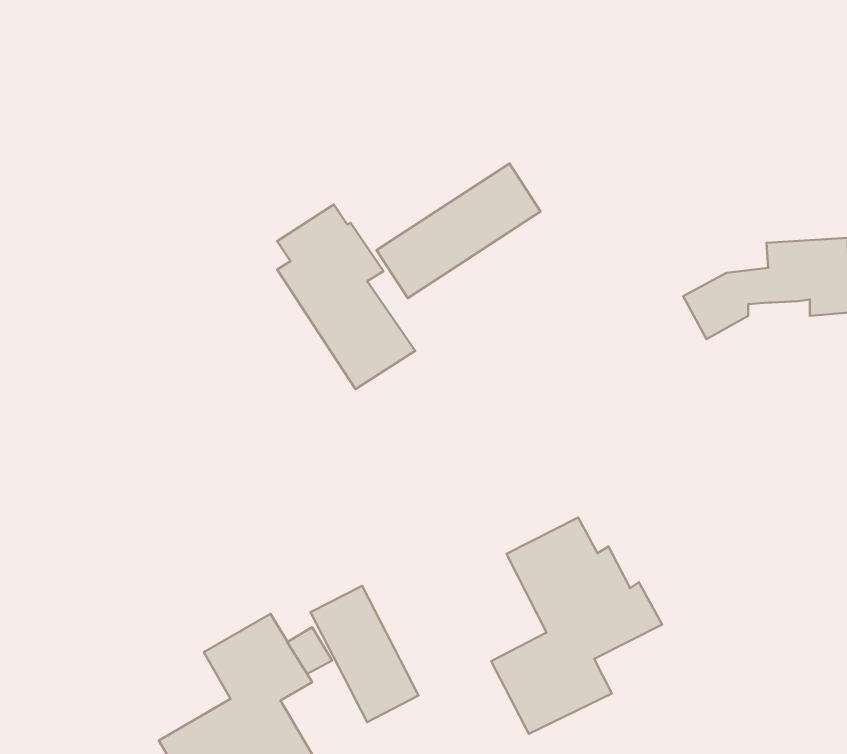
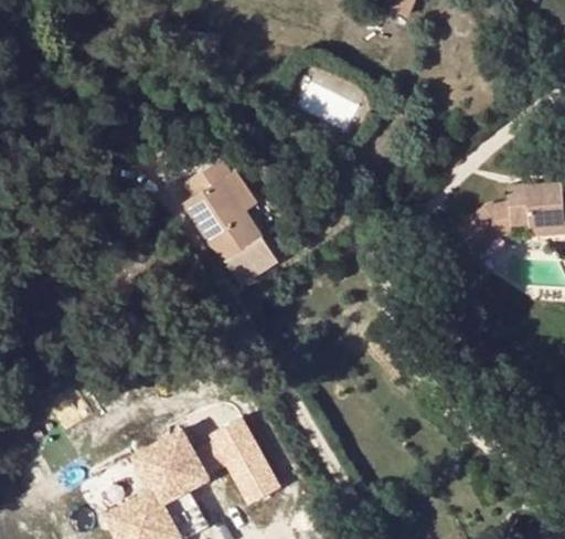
building: [377,163,541,298] -> none
building: [491,518,662,734] -> none

